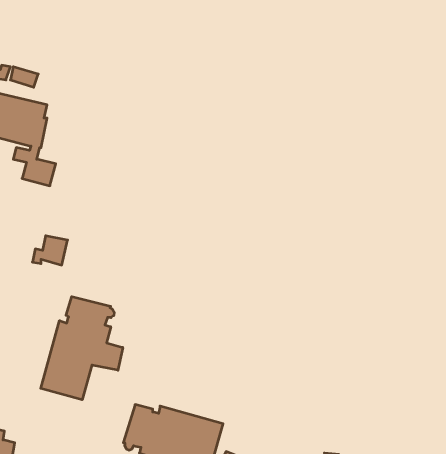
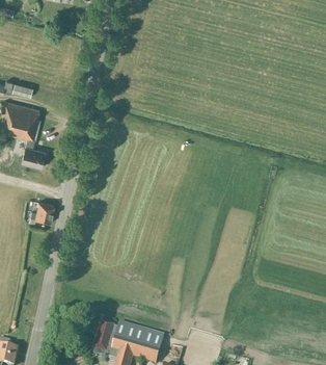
building: [41,297,123,400] -> none

